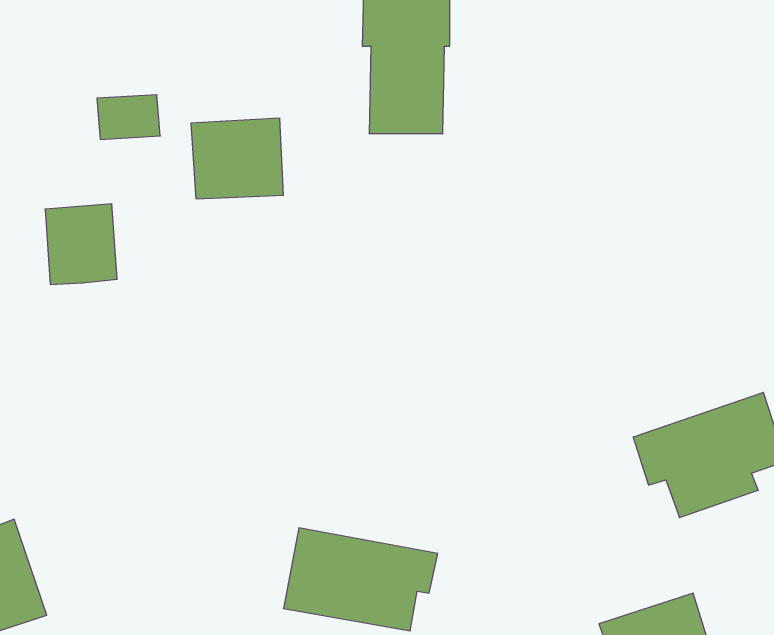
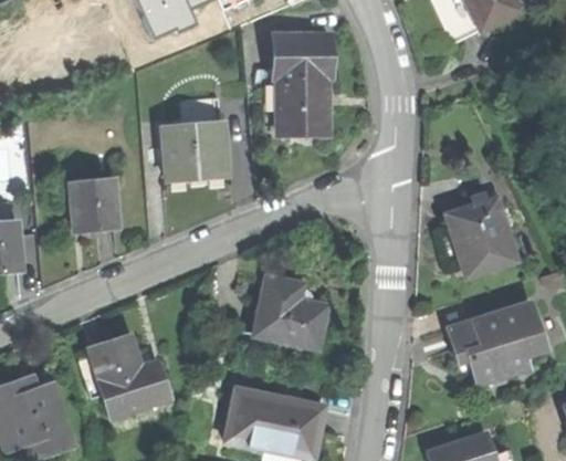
building: [97,95,160,139] -> [181,98,222,127]
building: none -> [448,199,518,276]
building: none -> [254,276,328,350]
building: none -> [81,334,168,416]

